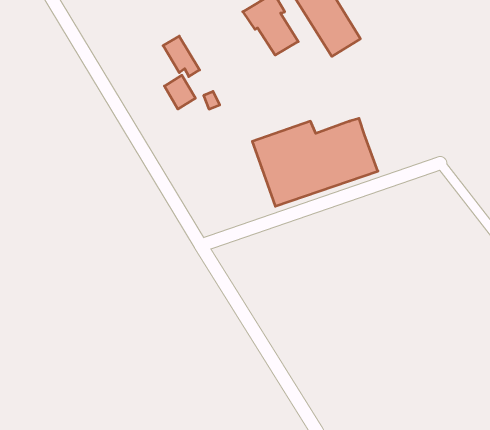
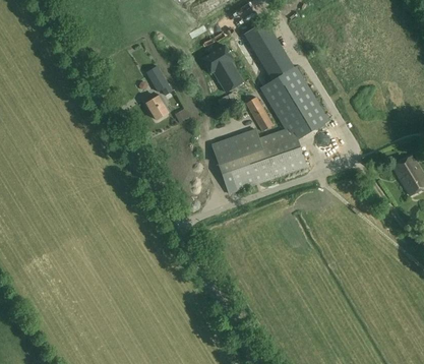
building: none -> [259,66,327,139]
building: none -> [244,96,272,131]

